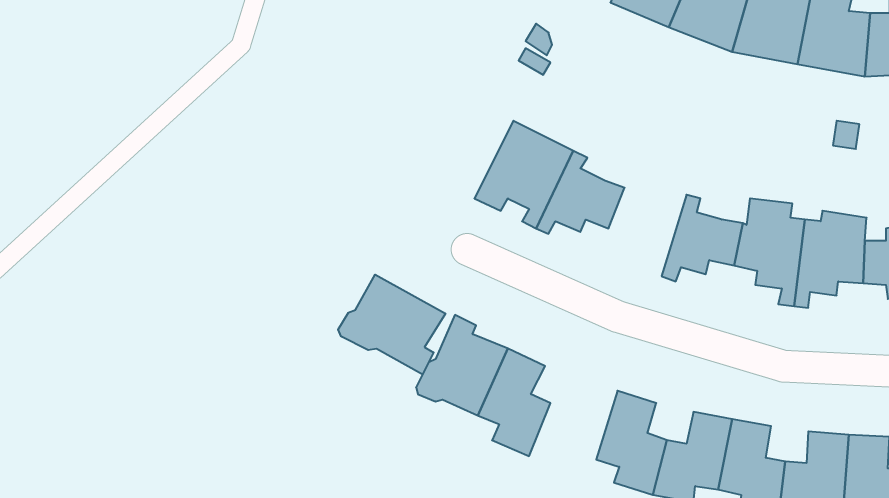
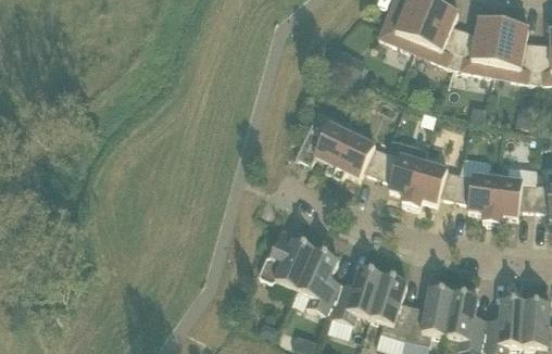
building: none -> [378,138,428,204]
building: [338,275,445,374] -> none
building: none -> [329,267,384,323]

